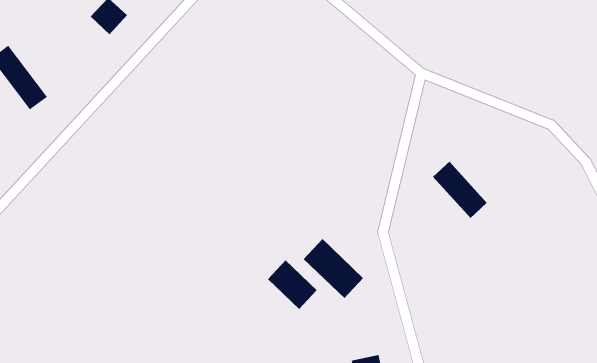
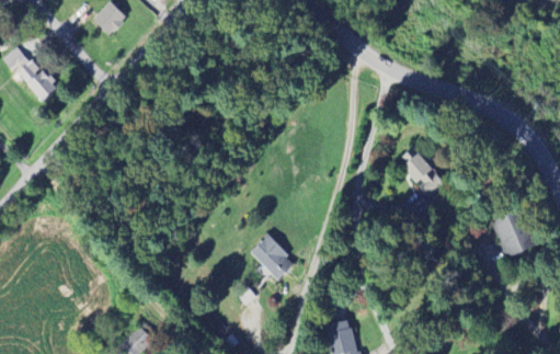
building: none -> [492,210,534,258]
building: [303,238,364,299] -> none

